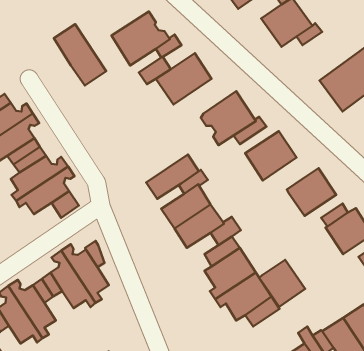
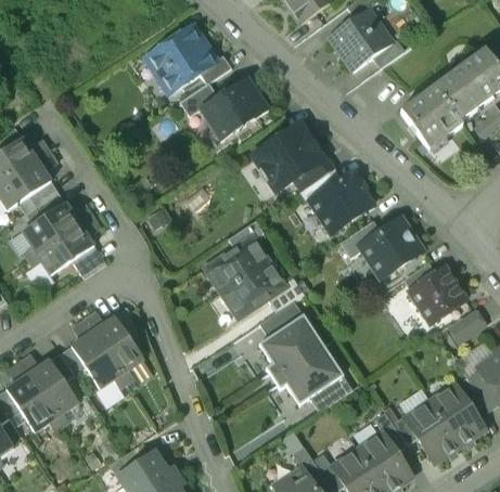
building: [54,24,106,85] -> none
building: [146,155,199,199] -> none
building: none -> [341,220,380,257]
building: [259,260,305,307] -> none

